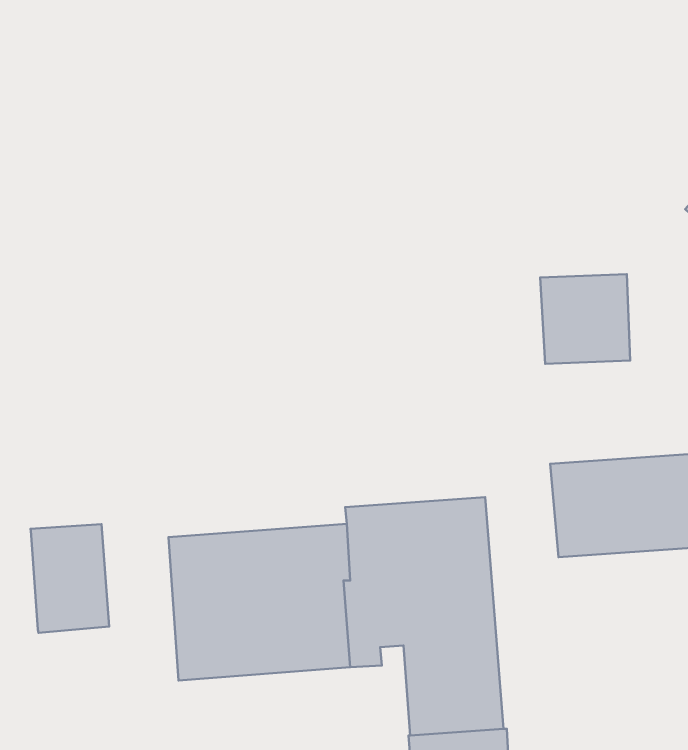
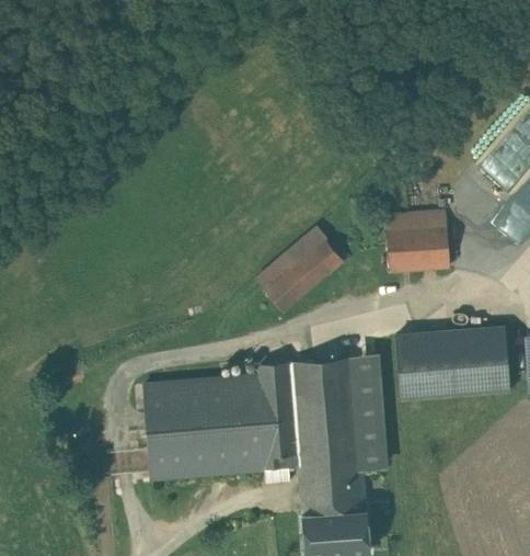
building: none -> [255,228,345,314]
building: none -> [353,356,384,468]
building: [31,524,109,633] -> none

